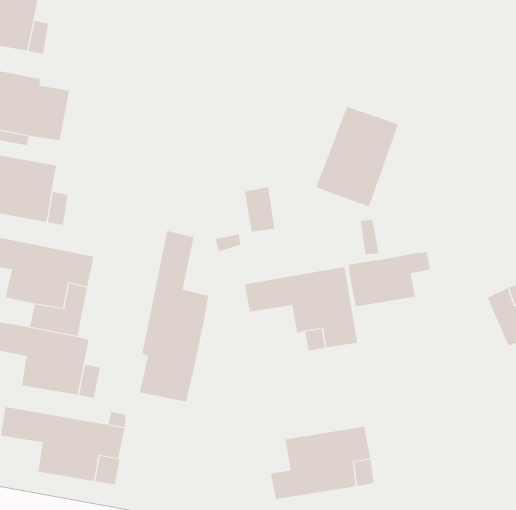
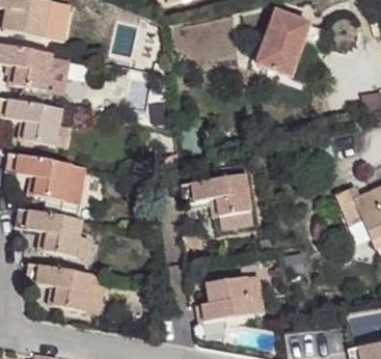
building: [316,106,399,207] -> [256,10,309,75]
building: [139,230,209,403] -> none
building: [348,251,430,307] -> none

